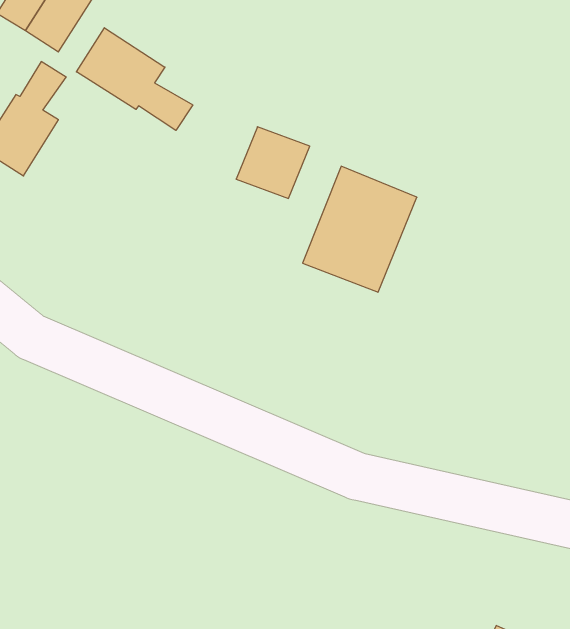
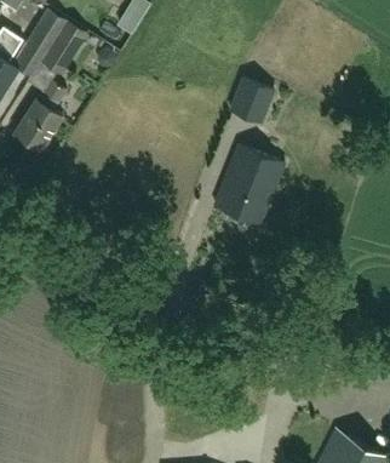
building: [76,28,193,130] -> none
building: [236,127,310,198] -> [228,79,274,124]

